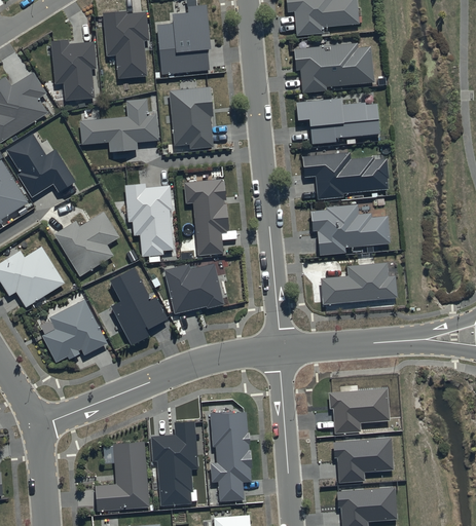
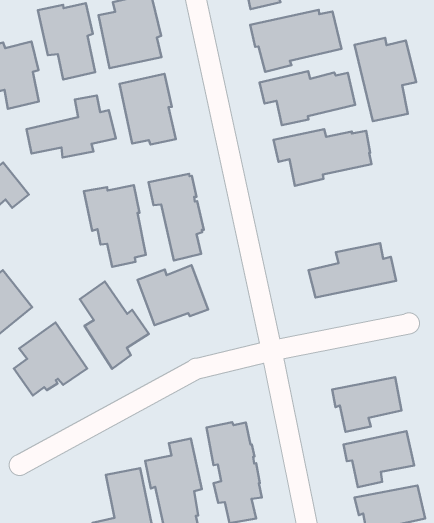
building: none -> [354,38,416,121]
building: [312,205,391,256] -> none
building: [52,210,118,274] -> none

